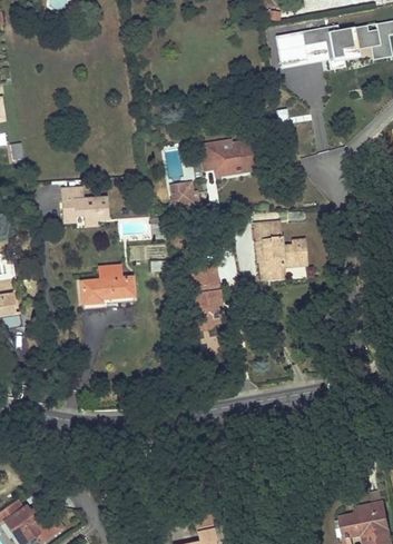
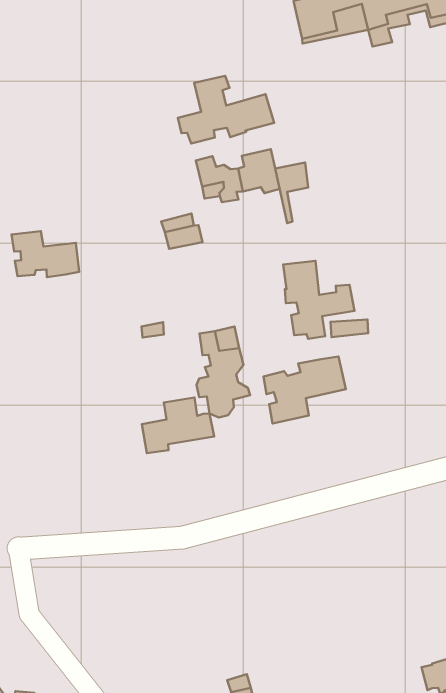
building: none -> [178,76,274,144]
building: none -> [275,163,308,223]
building: [81,265,132,303] -> [142,397,214,453]
building: none -> [263,356,346,423]

